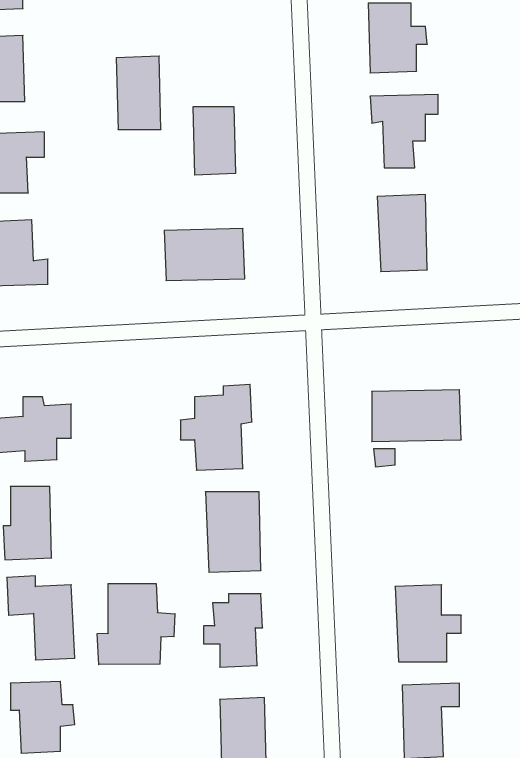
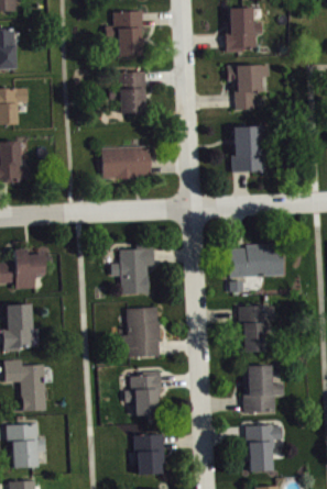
building: [116,56,161,129] -> [116,11,143,56]
building: none -> [242,305,275,352]
building: [97,584,175,665] -> none

